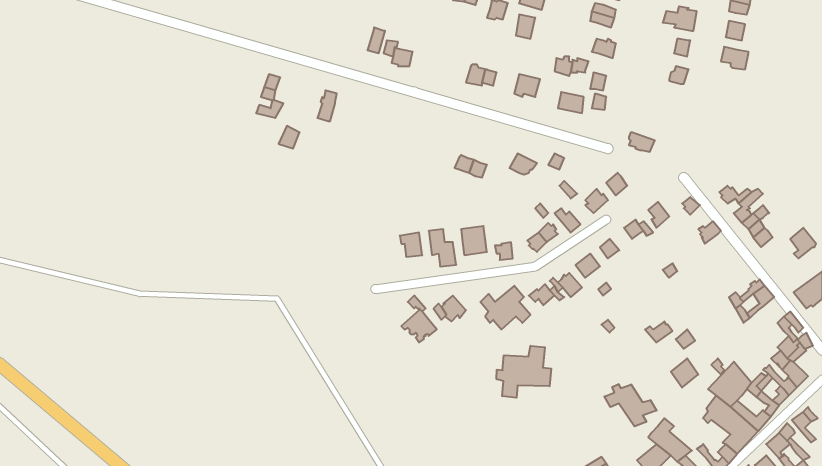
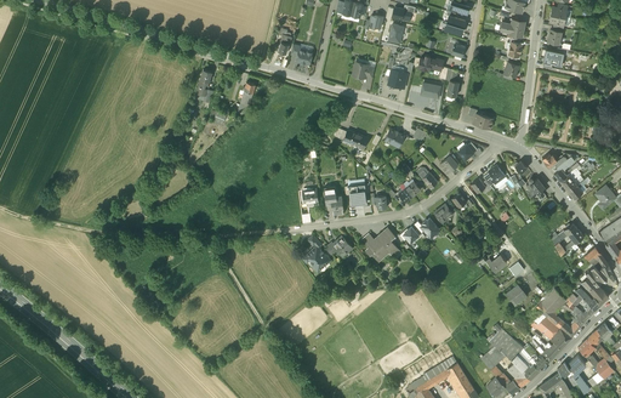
building: [497,346,551,398] -> none
building: [604,384,657,426] -> none

